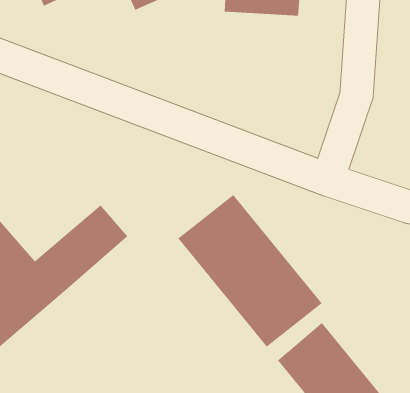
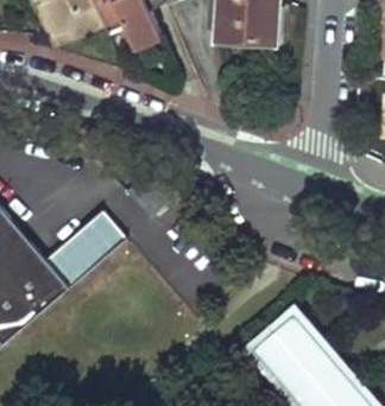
building: [178,194,323,347] -> none

